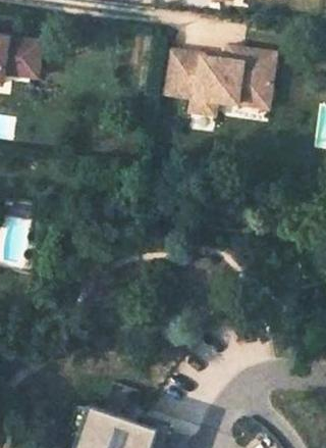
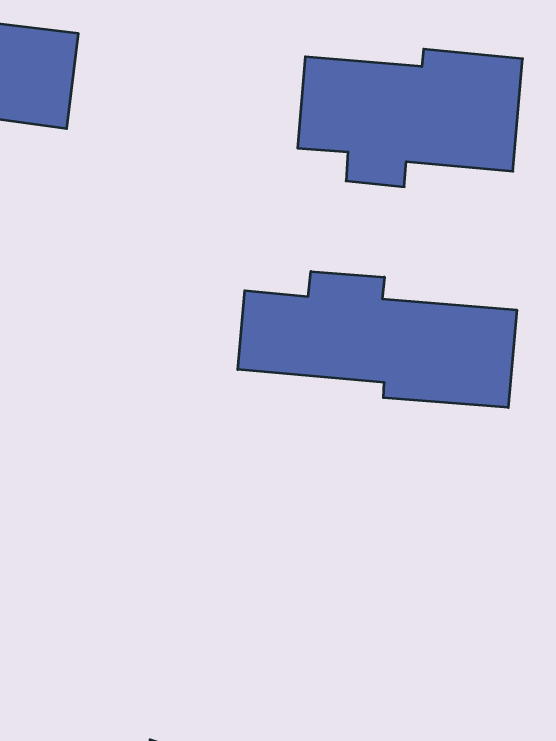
building: none -> [238,271,517,408]

